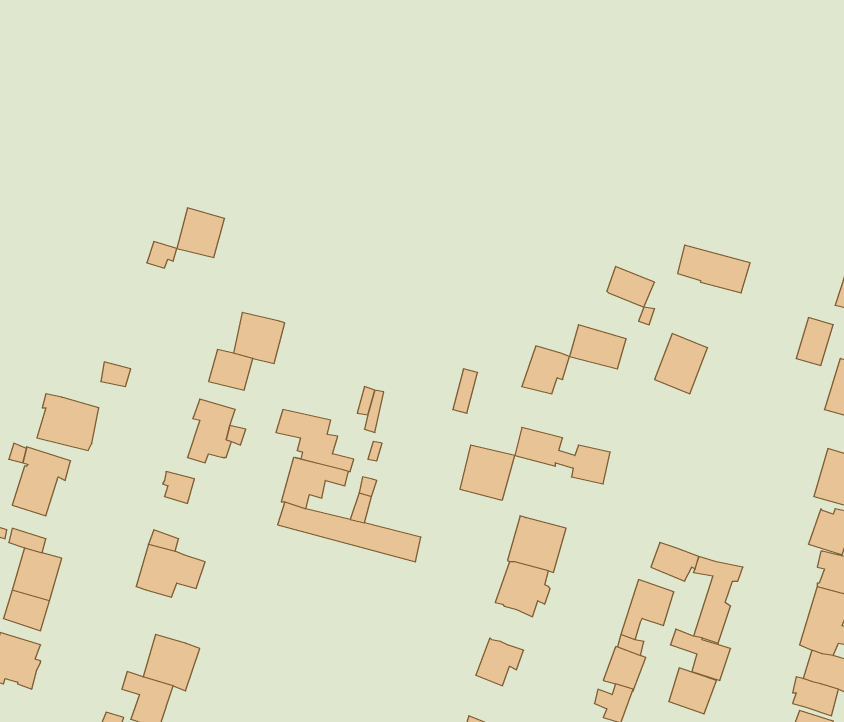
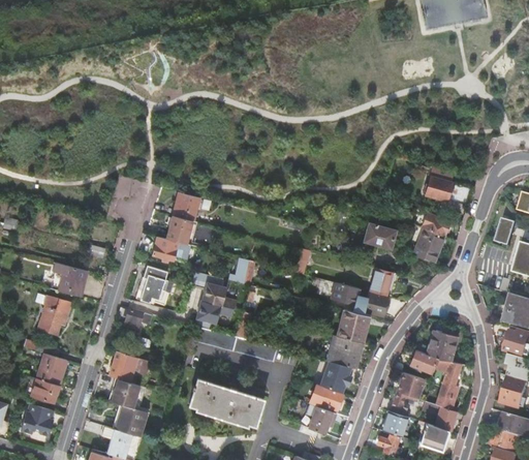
building: [177,208,225,257] -> [172,192,199,221]
building: [607,266,655,307] -> [422,213,449,237]
building: [522,346,570,394] -> [368,268,396,296]
building: [460,445,515,500] -> [337,310,369,342]
building: none -> [425,330,457,362]
building: none -> [108,378,145,409]
building: none -> [189,379,262,426]
building: none -> [308,385,342,410]

